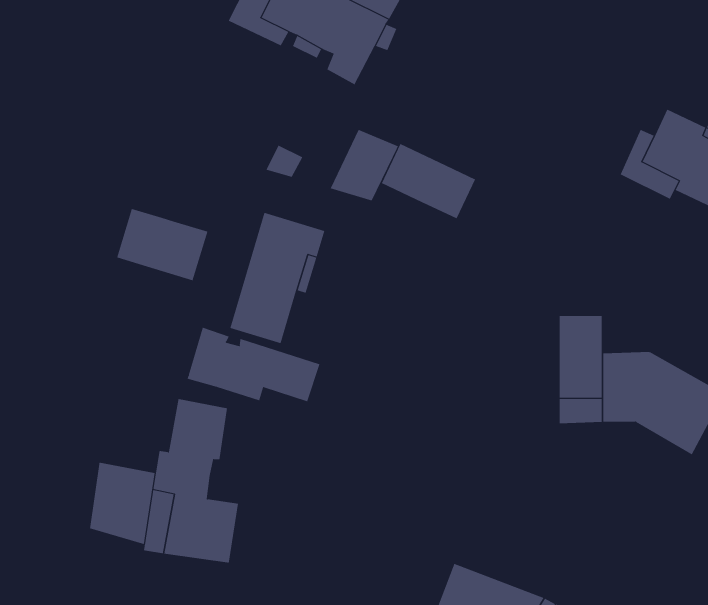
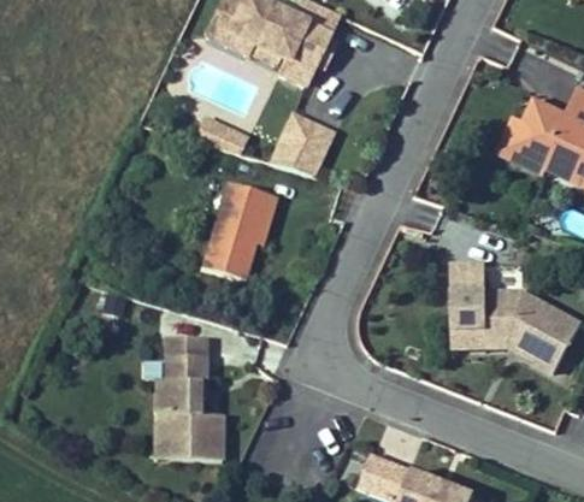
building: [381,143,476,219] -> none
building: [116,208,208,281] -> none
building: [187,327,320,402] -> none
building: [90,462,155,545] -> none

